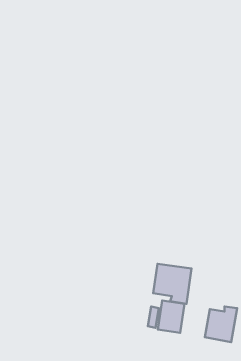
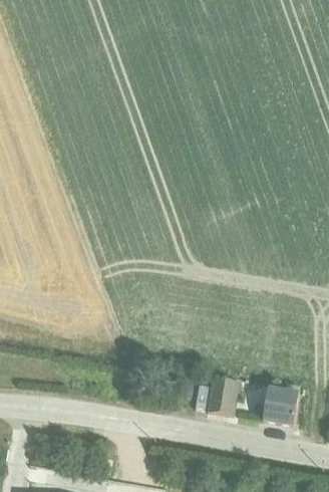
building: [153,264,192,304] -> none

